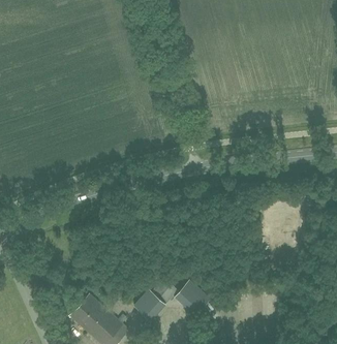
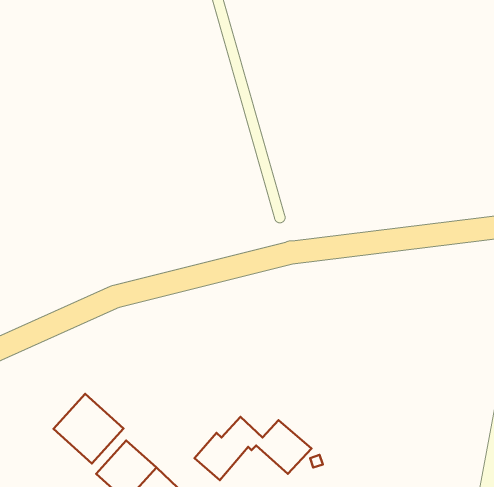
building: none -> [53,394,124,464]

